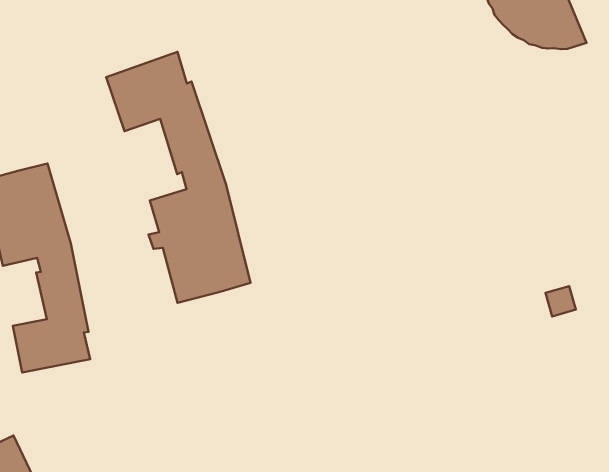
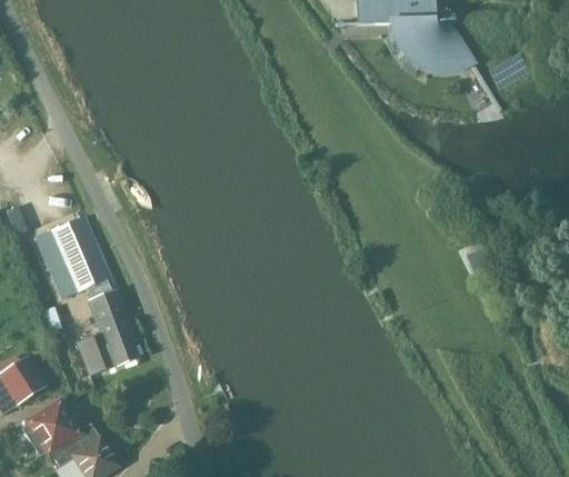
building: [106,52,251,303] -> none

